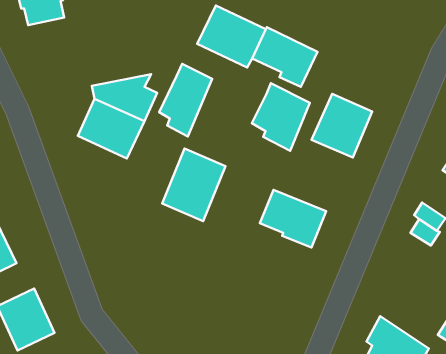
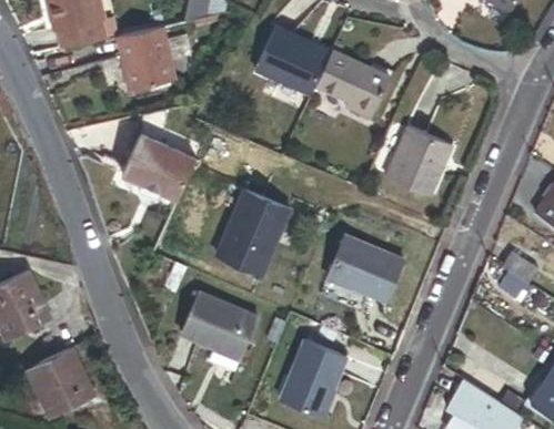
building: none -> [117,30,174,94]
building: [159,64,212,137] -> none
building: [252,83,310,151] -> none
building: none -> [184,295,260,374]
building: none -> [280,340,347,417]

